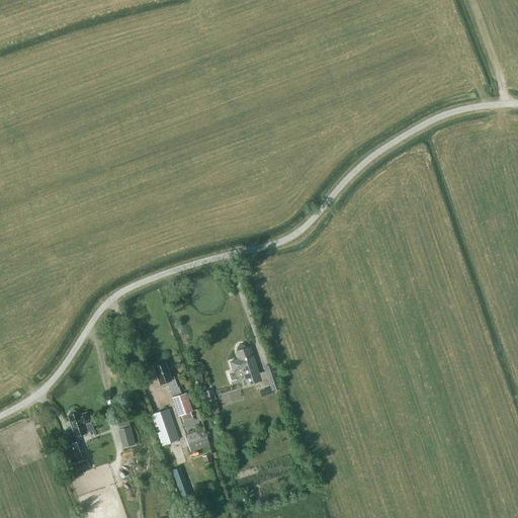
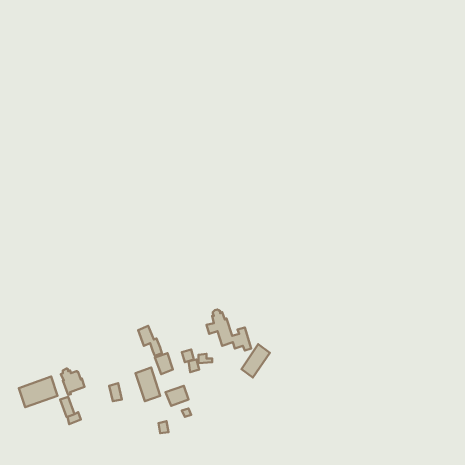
building: none -> [241,344,270,377]
building: none -> [19,377,58,407]

